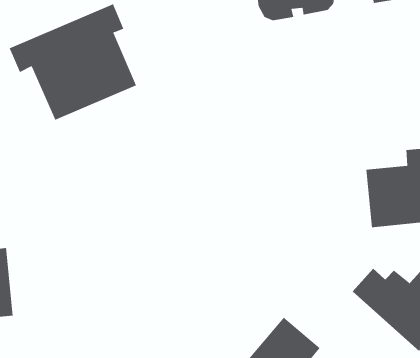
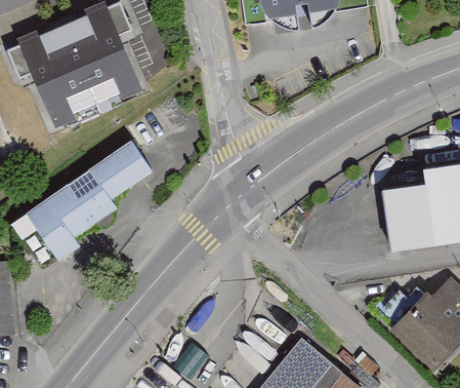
building: none -> [24,140,159,268]

